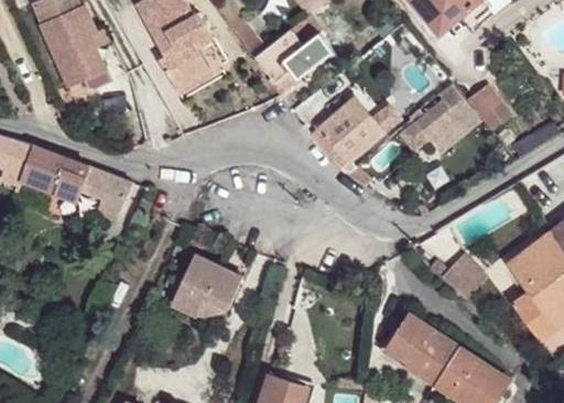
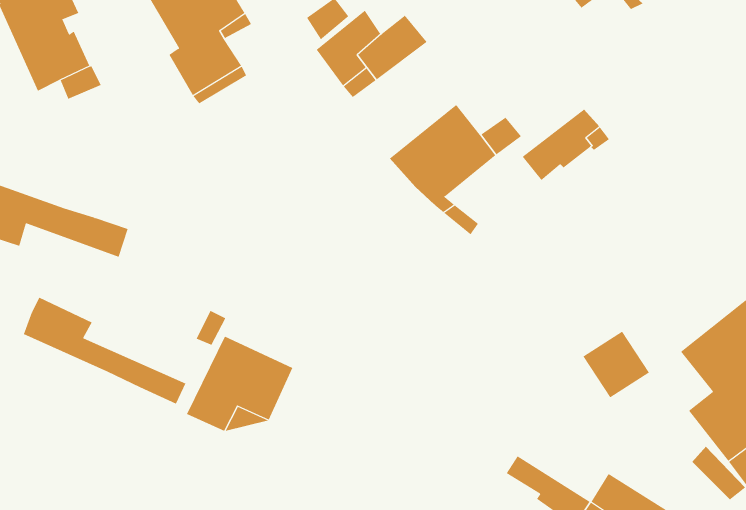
building: [466,80,511,128] -> none
building: none -> [23,297,186,405]
building: [397,315,459,368] -> none

